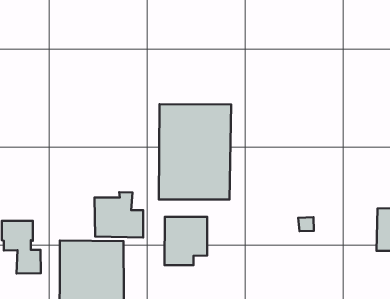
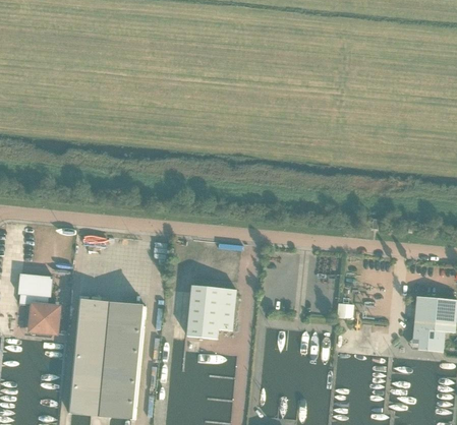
building: [159,104,231,200] -> none
building: [95,192,143,237] -> none

